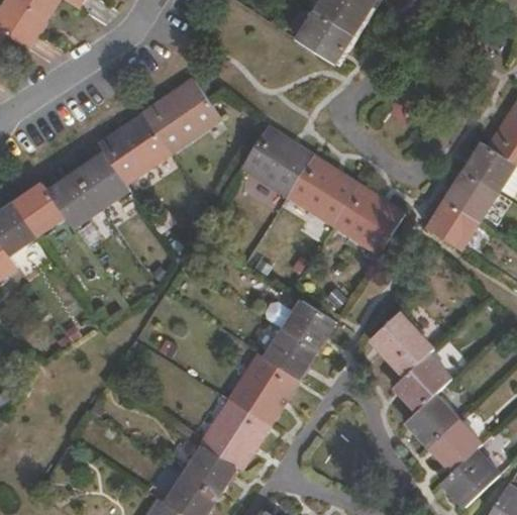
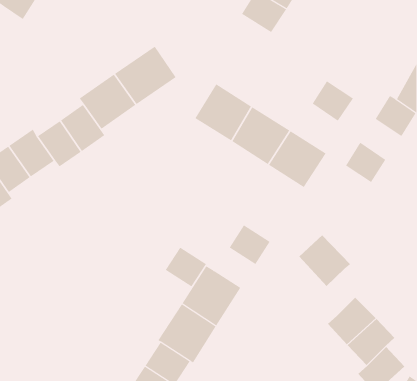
building: [445,170,497,220] -> [312,81,354,122]
building: [266,328,317,378] -> [165,247,207,287]
building: [393,354,450,412] -> none

